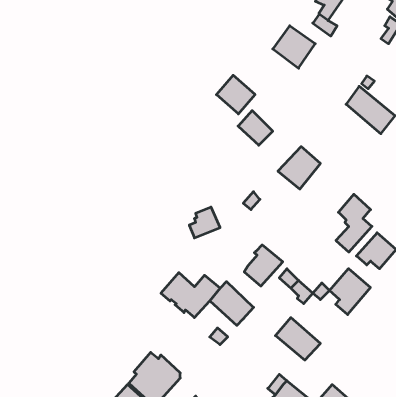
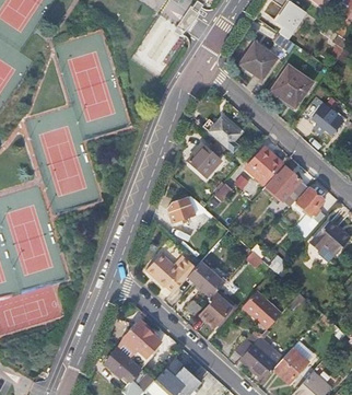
building: none -> [271,66,312,106]
building: [216,75,255,114] -> [187,143,220,176]
building: none -> [265,165,306,206]
building: [244,245,283,286] -> [199,292,232,327]
building: [329,269,370,315] -> none

